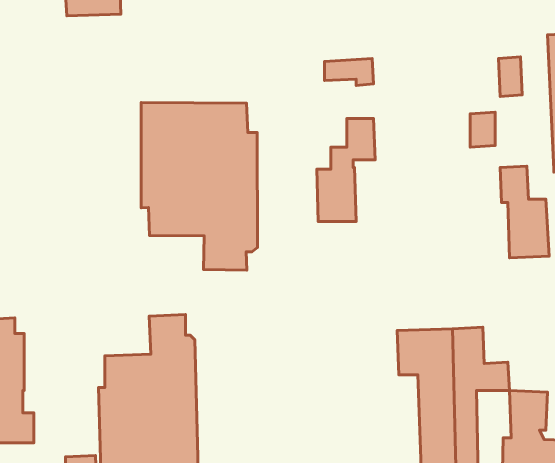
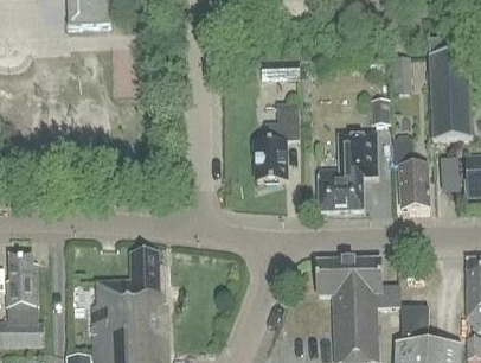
building: [141,102,257,270] -> none
building: none -> [319,134,377,211]

